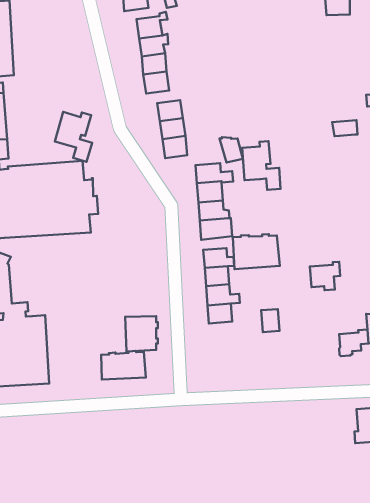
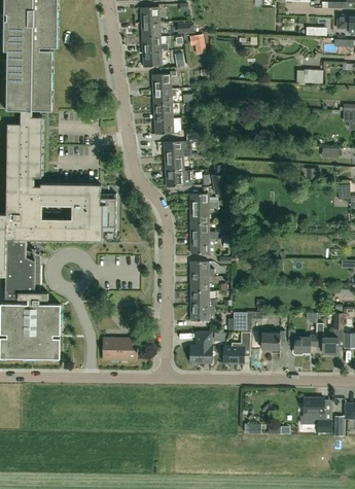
building: [55,112,92,162] -> none
building: [242,141,281,190] -> none
building: [233,234,280,269] -> none
building: [310,262,340,290] -> [261,330,285,352]
building: [125,316,158,352] -> none
building: none -> [223,331,250,363]
building: none -> [190,333,212,362]

